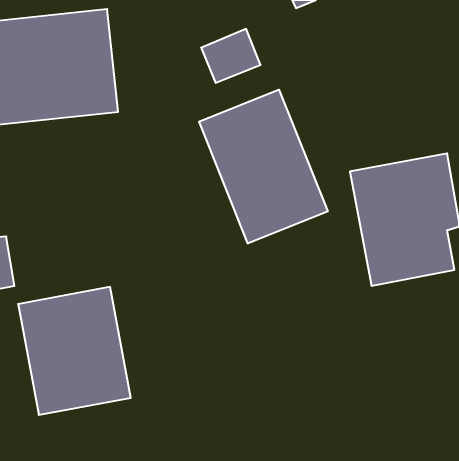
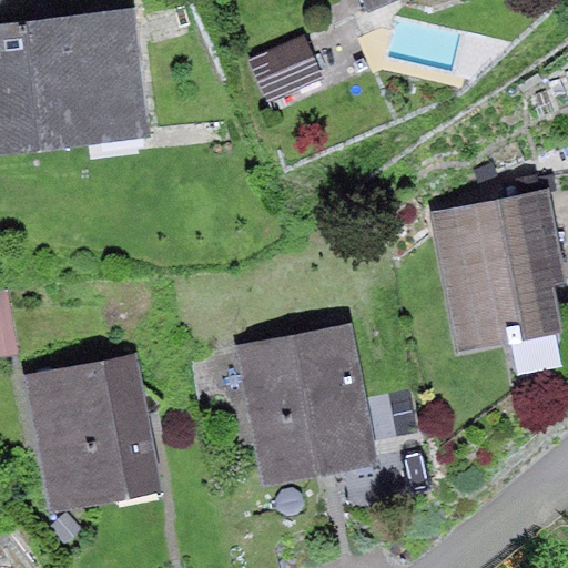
building: [199,90,328,243] -> none
building: none -> [235,325,377,484]

